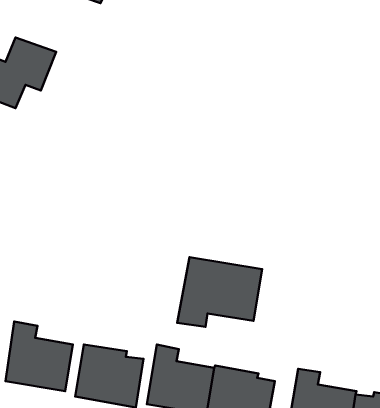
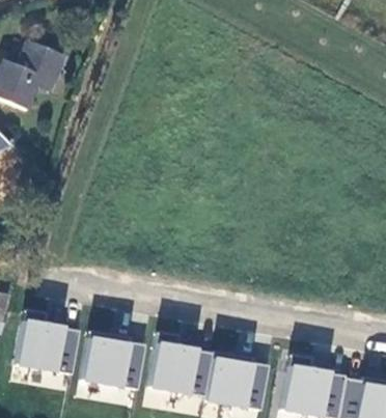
building: [177,257,262,327] -> none

